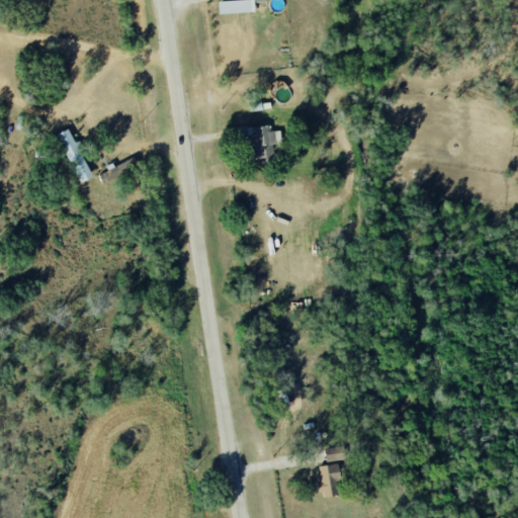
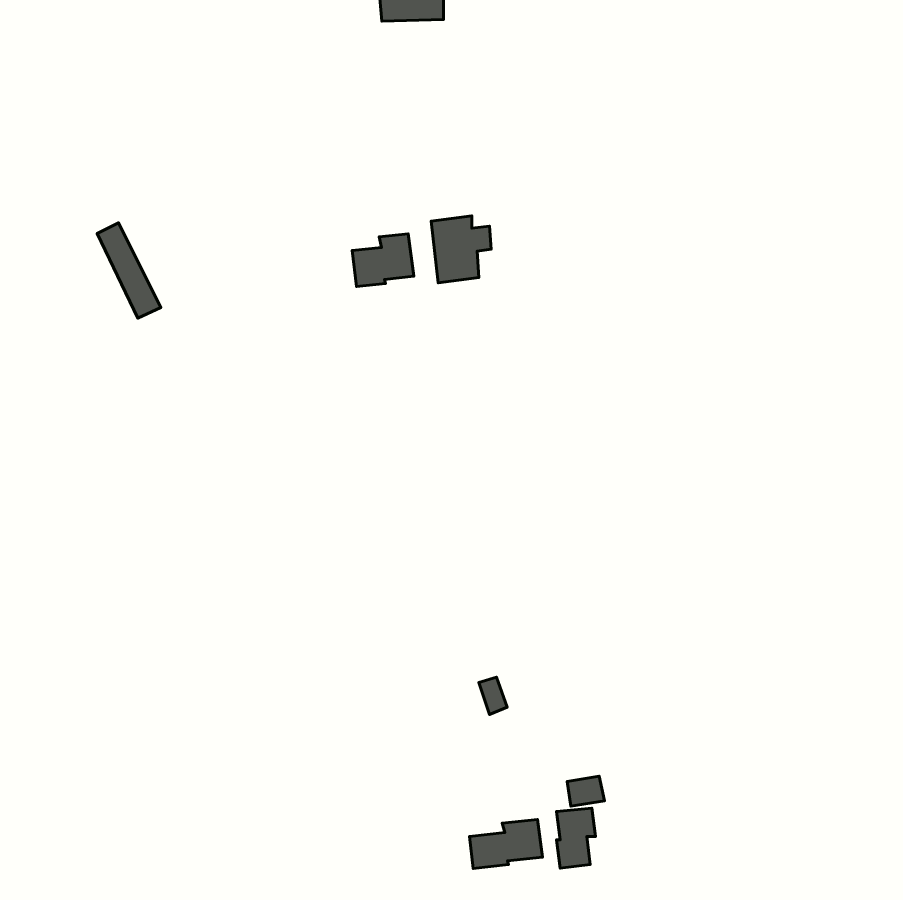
building: none -> [352,234,414,287]
building: none -> [470,819,543,869]

